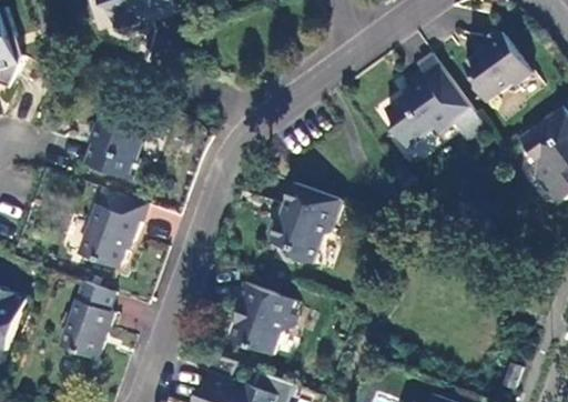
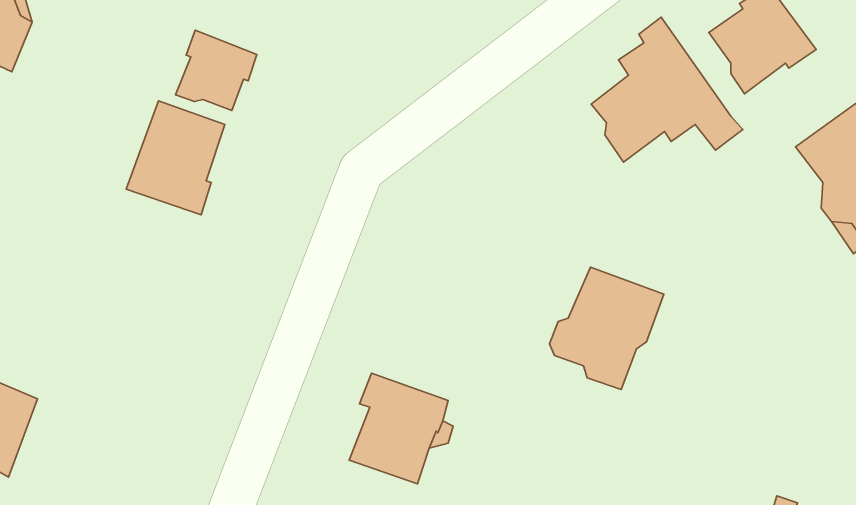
building: none -> [175,30,257,111]
building: [267,182,342,262] -> [550,267,664,390]
building: [79,185,146,265] -> none
building: [60,281,114,360] -> none

